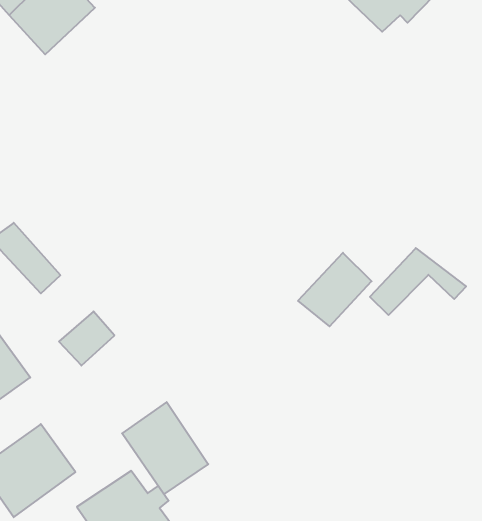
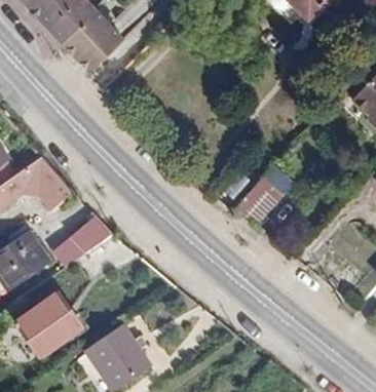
building: none -> [61,8,123,72]
building: [370,248,466,315] -> none
building: [122,402,208,494] -> none

